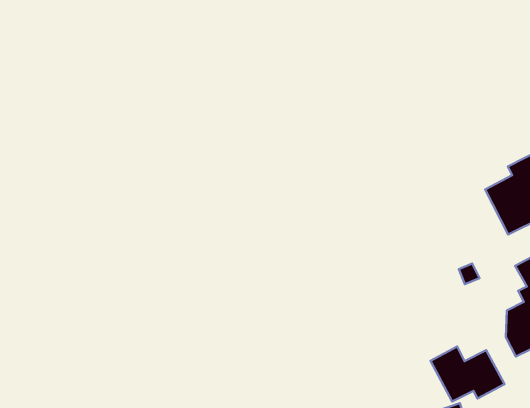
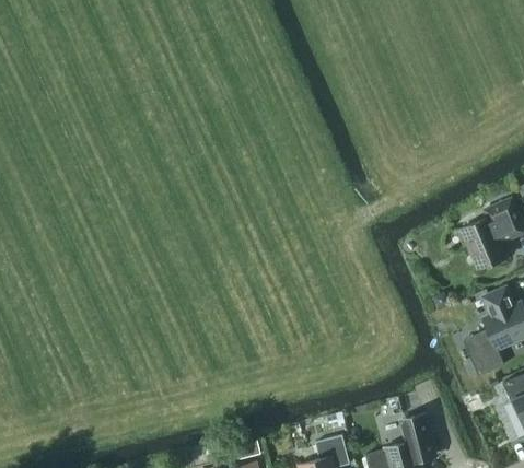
building: [431,346,504,401] -> none

